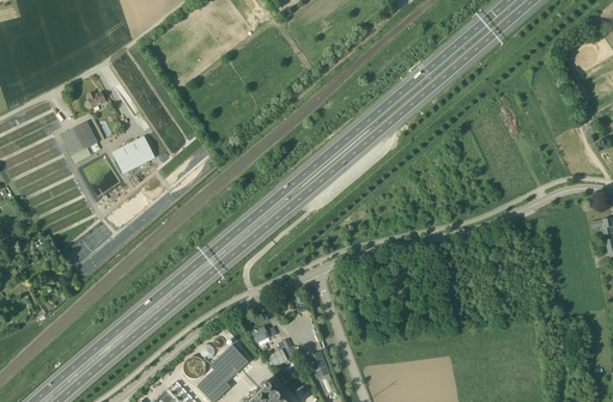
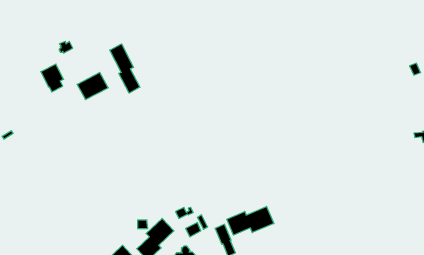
building: none -> [110,44,140,93]
building: none -> [227,206,274,235]

